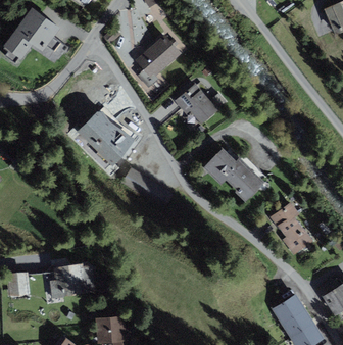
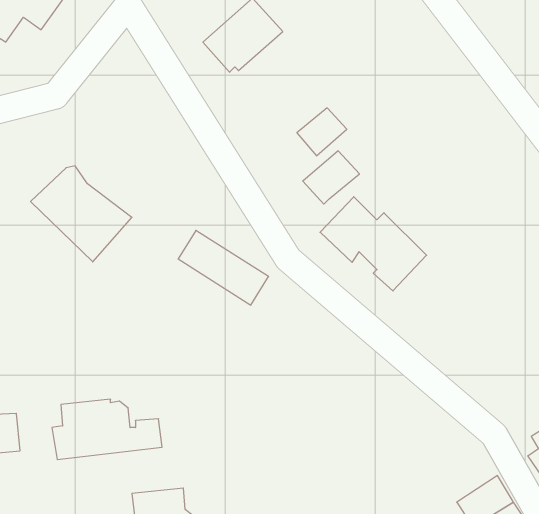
building: [175,83,207,113] -> [303,151,359,204]
building: [78,110,136,165] -> [31,166,132,262]
building: [270,201,313,254] -> none
building: [273,293,305,323] -> none

